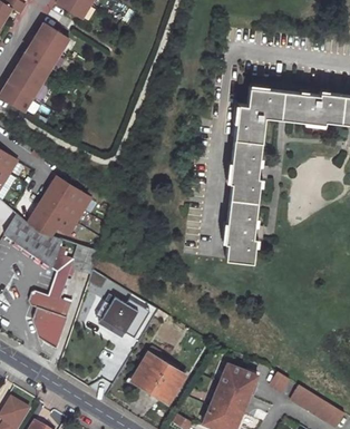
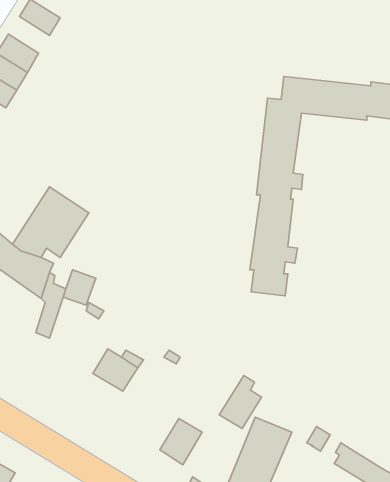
building: [26,37,59,67] -> none
building: [28,291,70,348] -> none
building: [130,348,165,391] -> [219,375,261,428]

